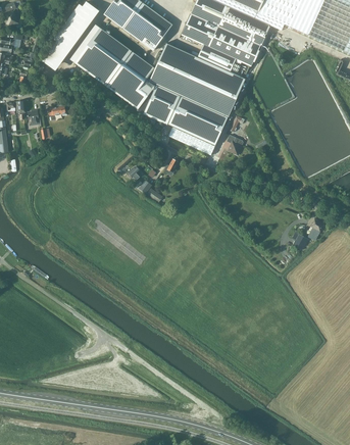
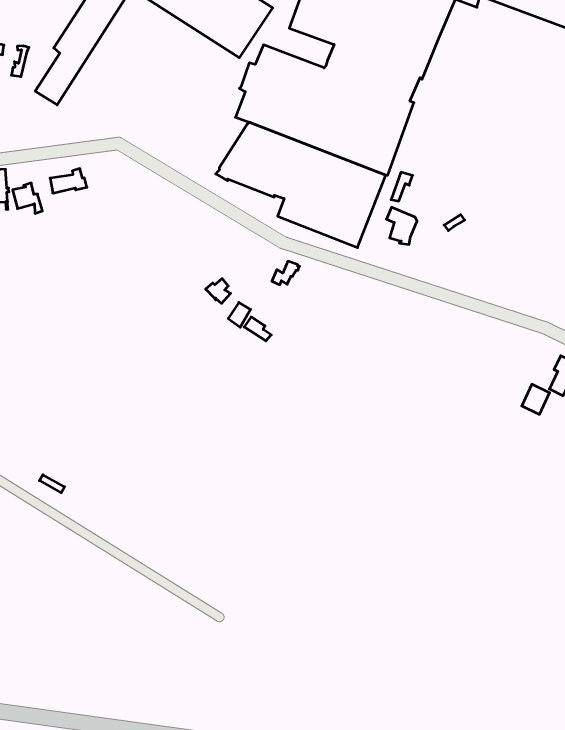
building: [74,28,156,109] -> none

